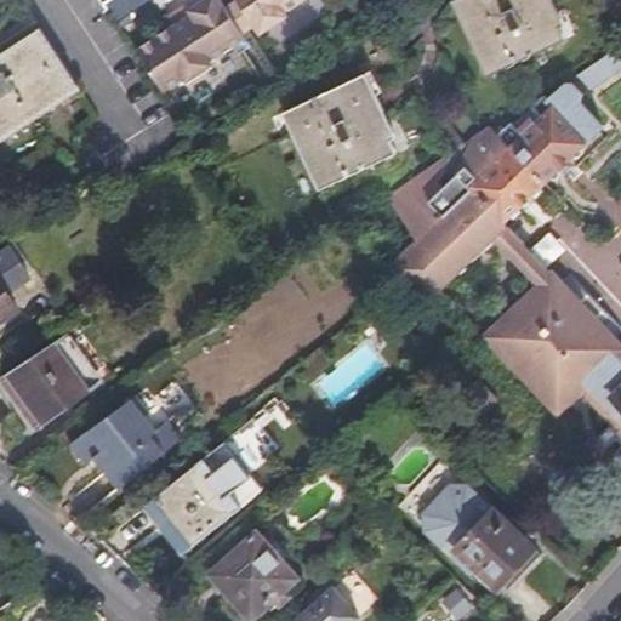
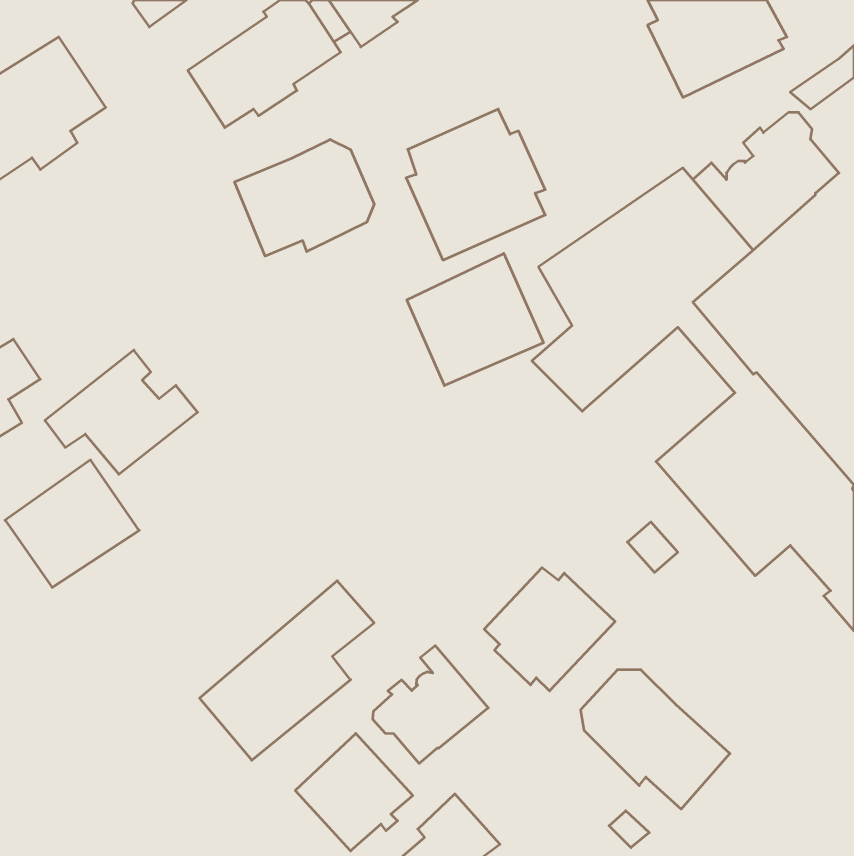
building: none -> [235,139,374,256]
building: none -> [407,253,543,386]
building: [68,393,178,483] -> [45,350,198,474]
building: none -> [484,568,615,691]
building: none -> [373,646,488,763]

